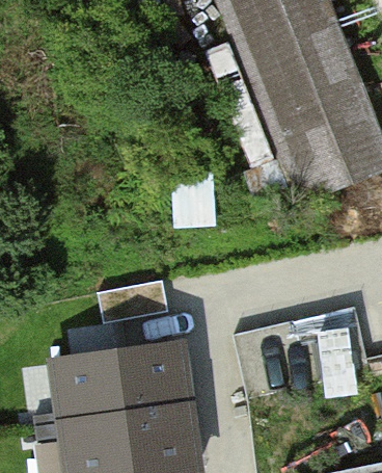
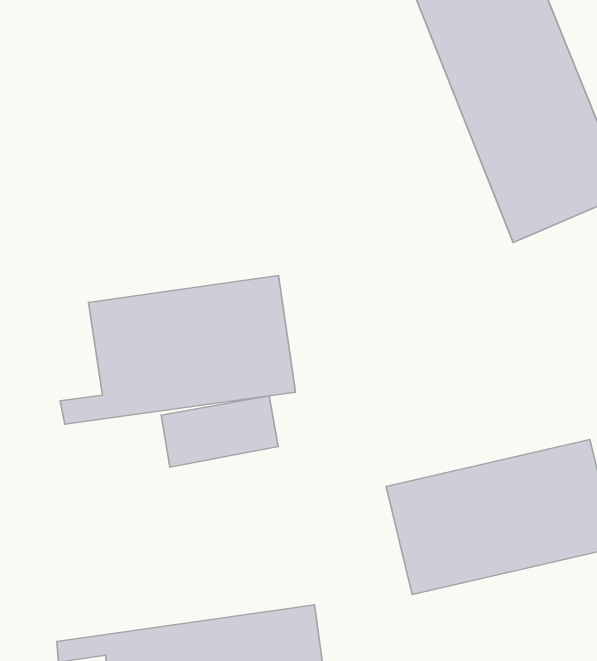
building: none -> [60,276,295,424]
building: [34,346,190,428] -> none

